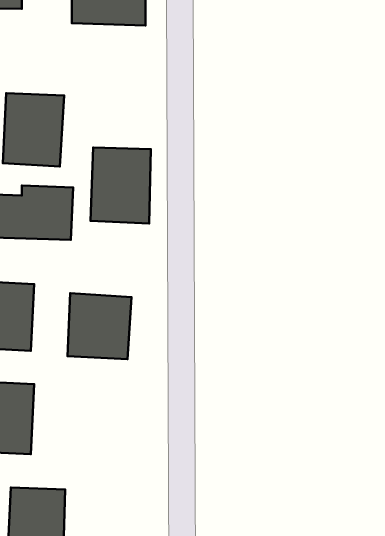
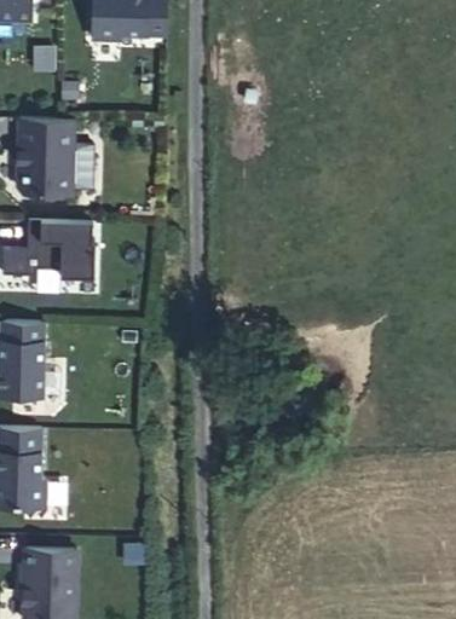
building: [90,148,151,224] -> none
building: [67,293,131,359] -> none

